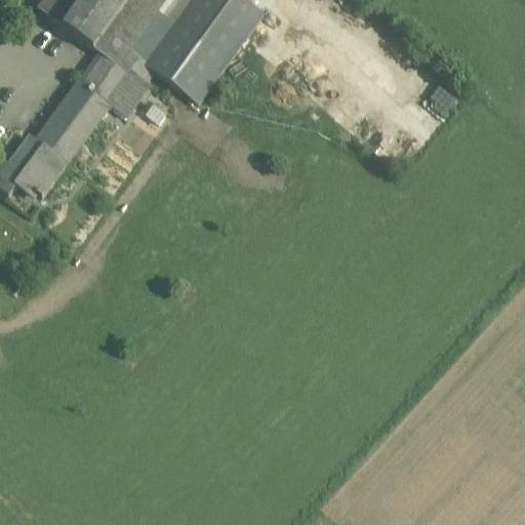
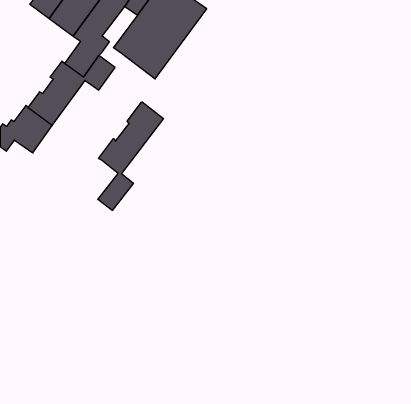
building: [130,8,175,79] -> none
building: none -> [98,102,164,210]

